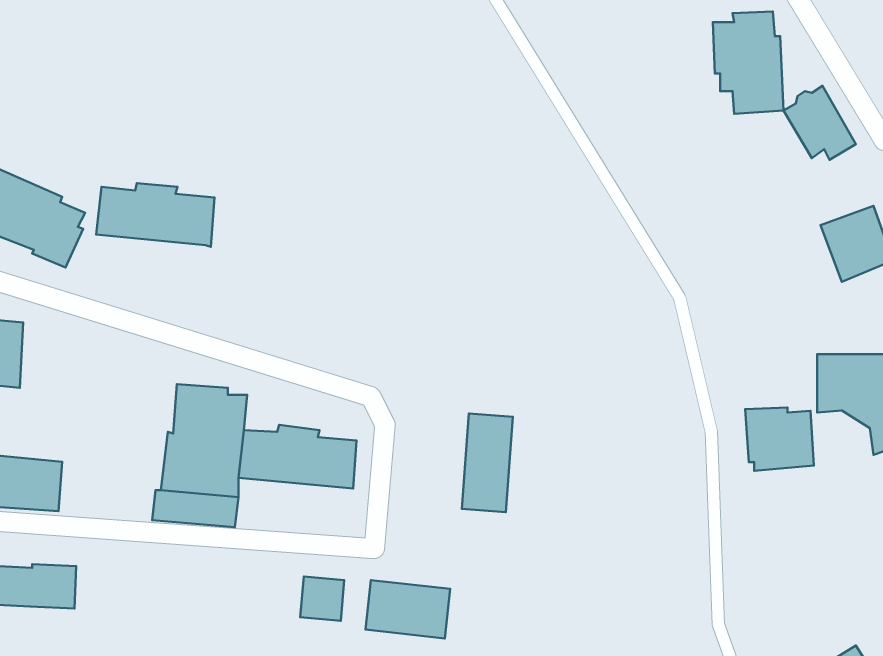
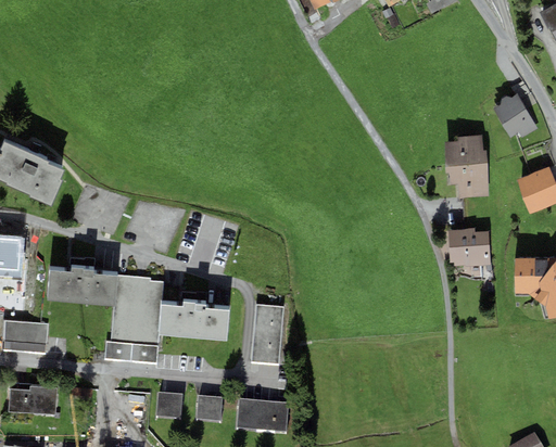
building: [713,12,784,114] -> [445,135,489,197]
building: [96,183,214,247] -> [47,267,119,306]
building: [745,407,814,471] -> [448,228,491,267]
building: [462,413,513,512] -> [252,304,283,365]
building: none -> [155,391,182,417]

